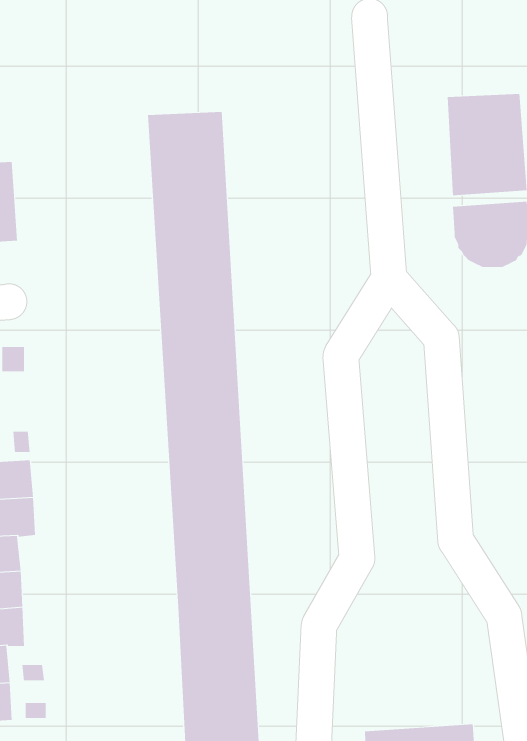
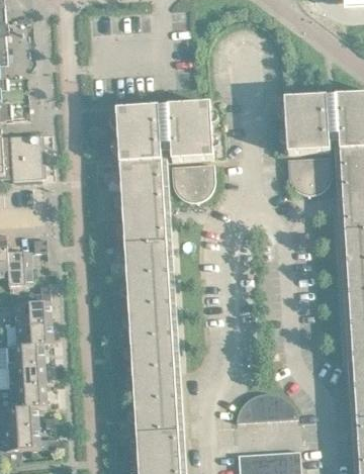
building: none -> [169,104,214,162]
building: none -> [172,165,215,202]
building: none -> [237,394,298,423]

